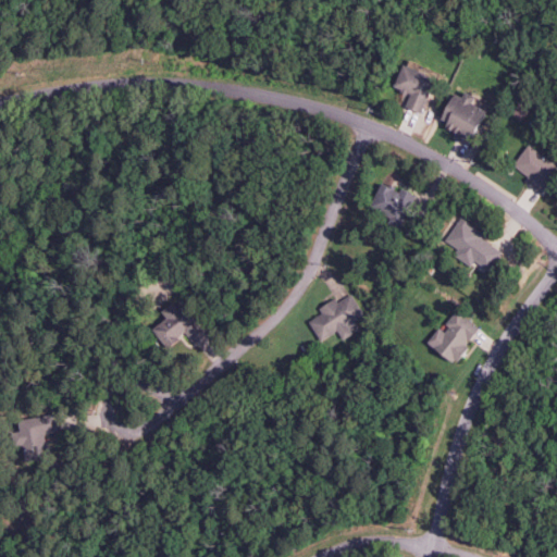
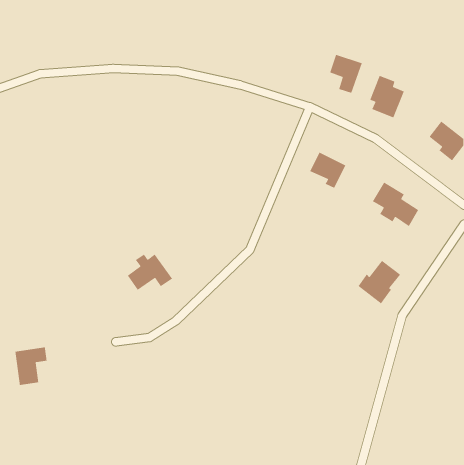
building: [308,294,361,341] -> none

